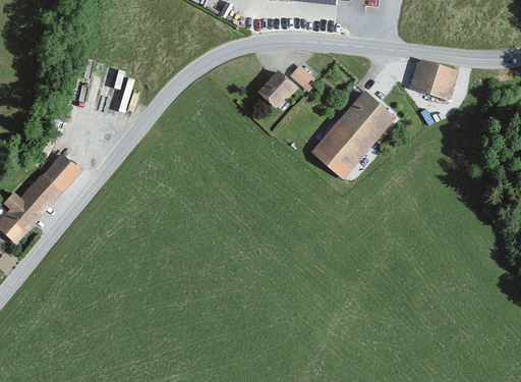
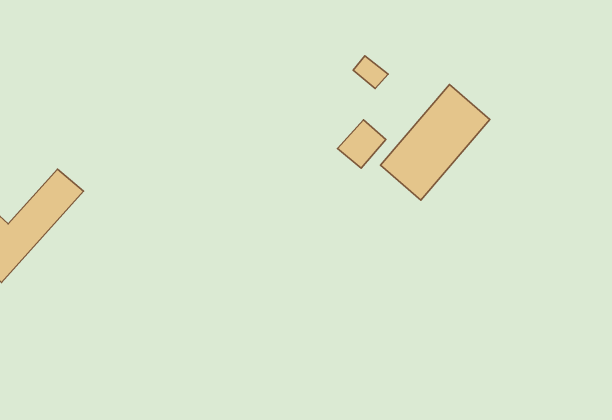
building: [409,59,458,101] -> none
building: [256,69,294,107] -> [338,120,386,168]

